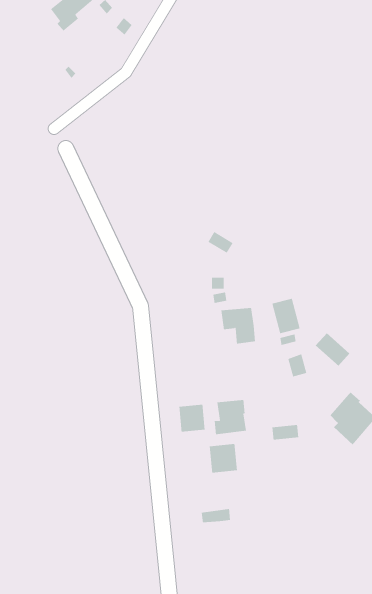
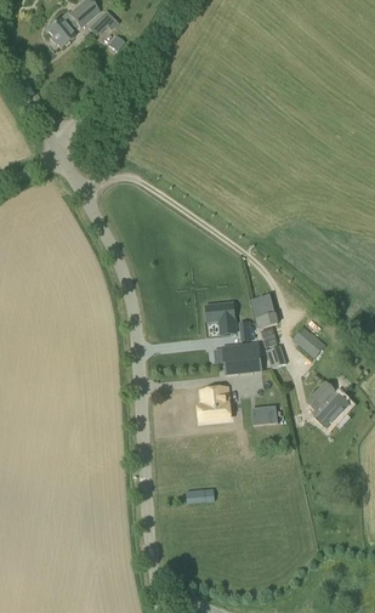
building: none -> [222,341,262,374]
building: [179,404,205,432] -> none
building: [209,443,237,473] -> none

